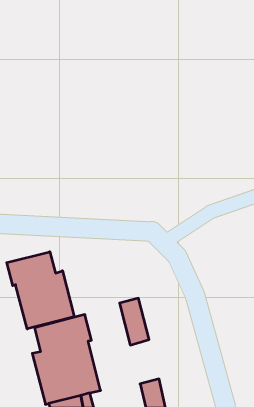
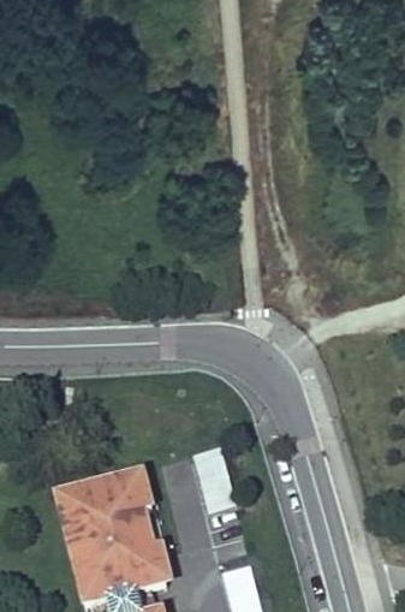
building: [7,252,74,329] -> none

